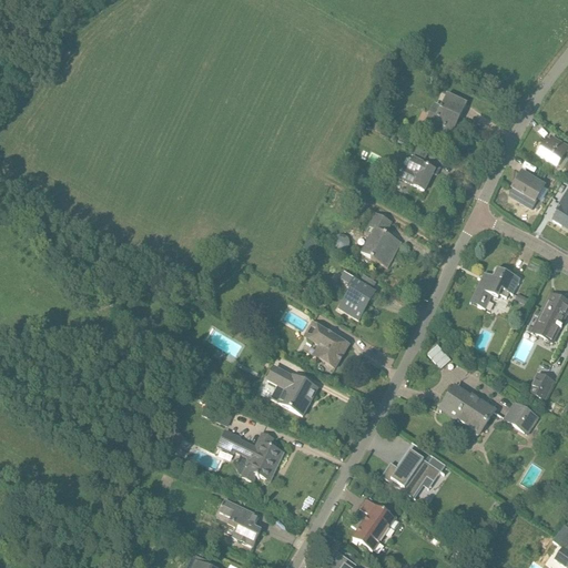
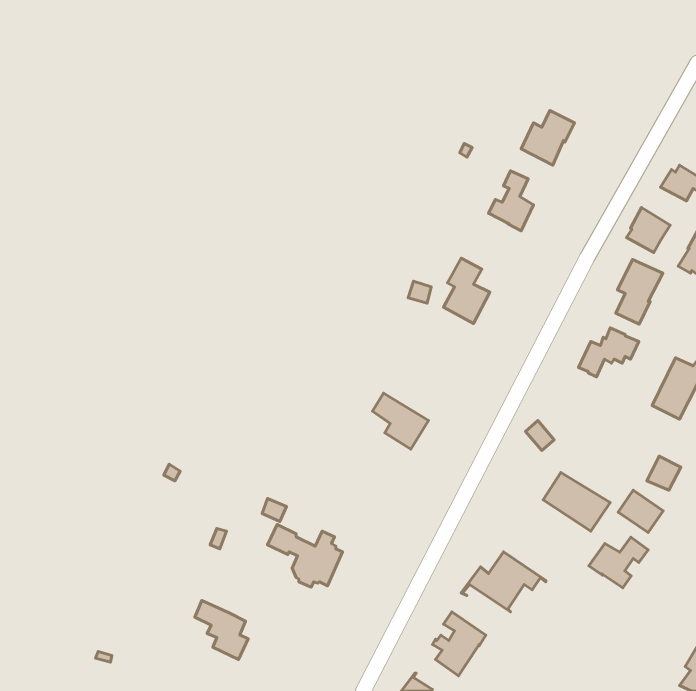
building: none -> [616,260,663,324]
building: [341,270,377,317] -> none
building: [267,363,317,413] -> none
building: none -> [589,537,648,588]
building: [219,497,262,545] -> [195,601,248,659]

